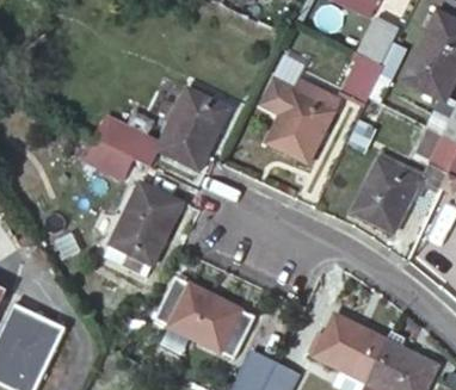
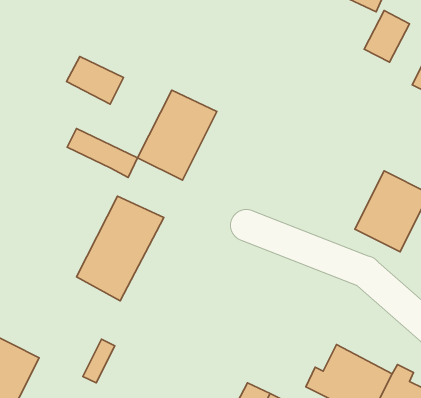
building: [341,54,384,105] -> none
building: [265,78,340,161] -> none
building: [81,137,133,180] -> [66,56,123,104]
building: [156,273,240,346] -> none

